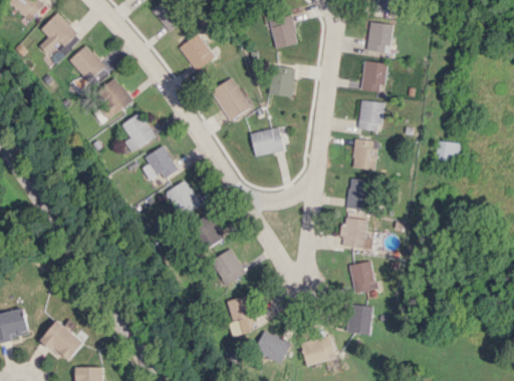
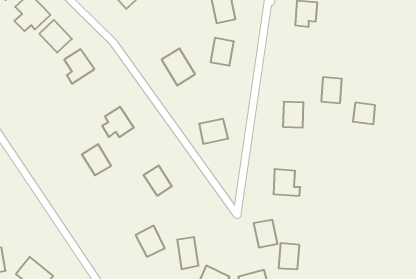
building: [179,33,215,70] -> none
building: [359,60,387,92] -> none
building: [357,100,381,130] -> [321,77,342,103]
building: [121,112,156,152] -> none
building: [250,127,284,156] -> [199,119,228,144]
building: [167,179,201,216] -> [82,144,111,175]
building: [347,179,371,210] -> none
building: [211,249,245,285] -> [136,226,165,257]
building: [348,261,376,293] -> [254,220,278,247]

